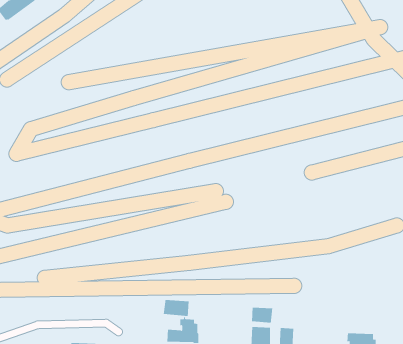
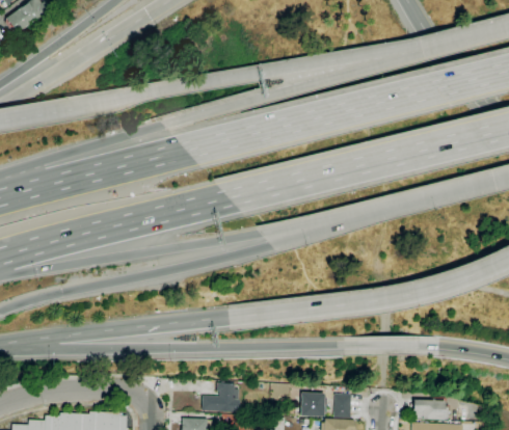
building: [163,299,189,317] -> none
building: [252,307,273,323] -> none

